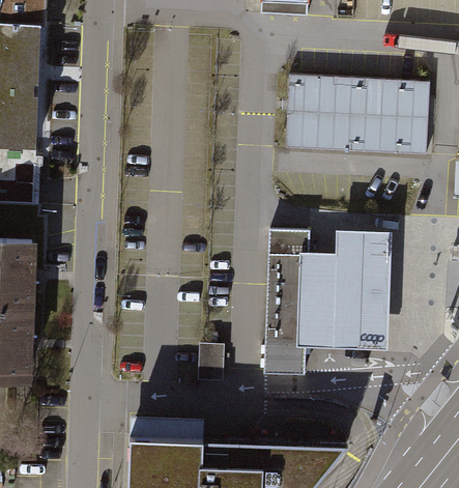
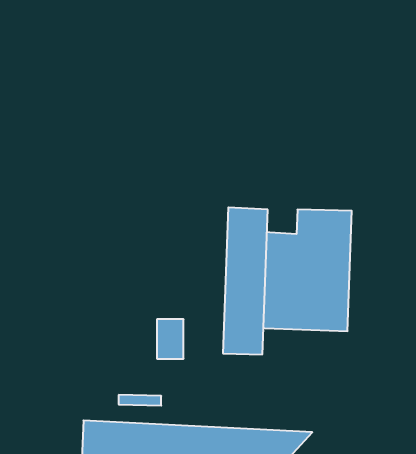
building: [284,74,426,151] -> none

